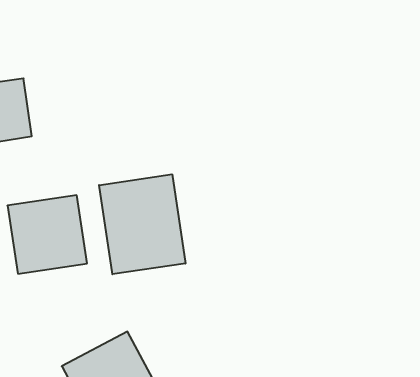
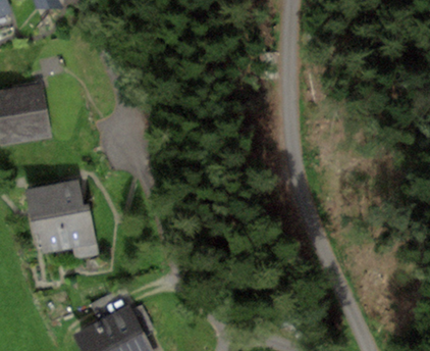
building: [99,174,185,274] -> none

